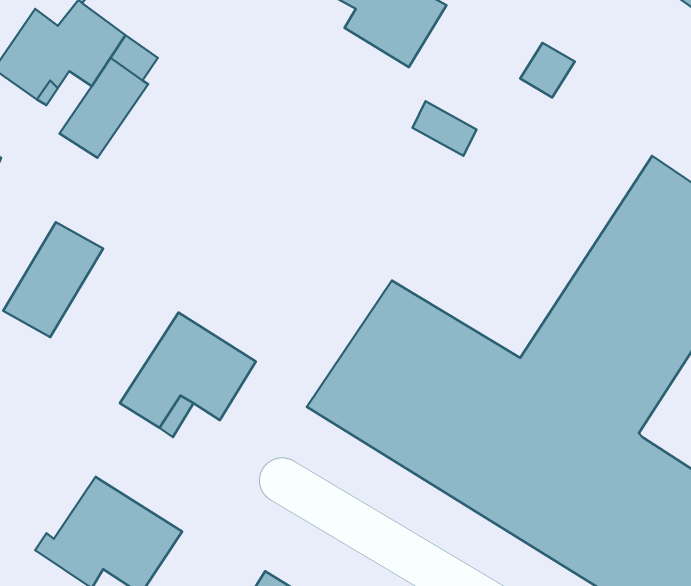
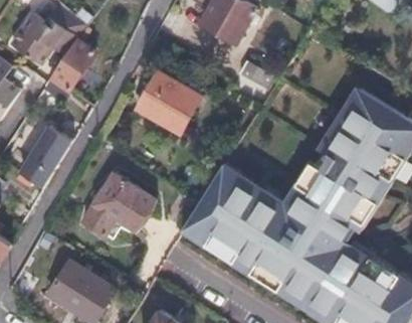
building: none -> [135,72,199,133]

